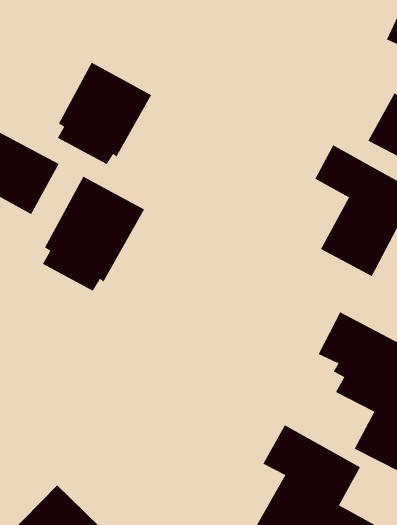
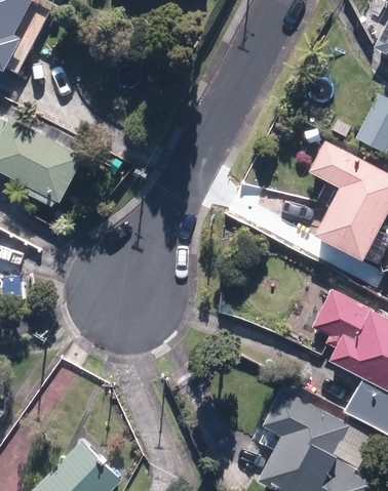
building: [57,62,152,165] -> none
building: [42,176,145,291] -> none

